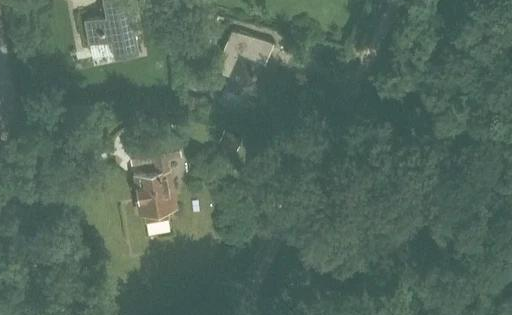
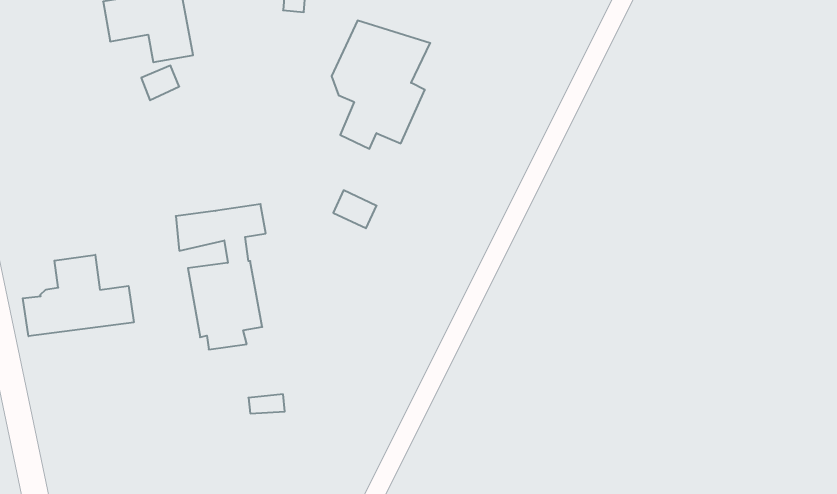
building: none -> [23,255,134,336]

